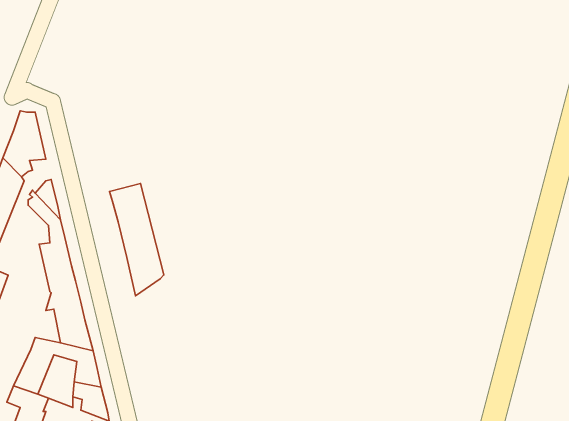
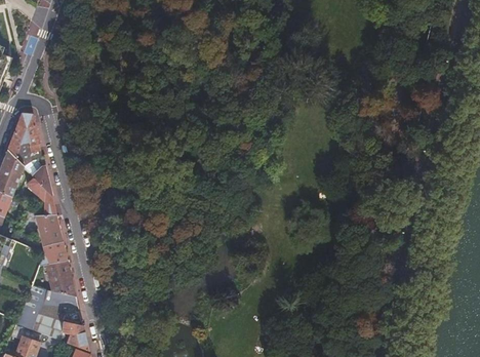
building: [110,183,164,296] -> none

